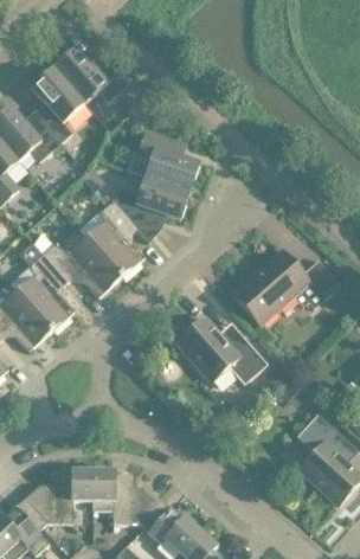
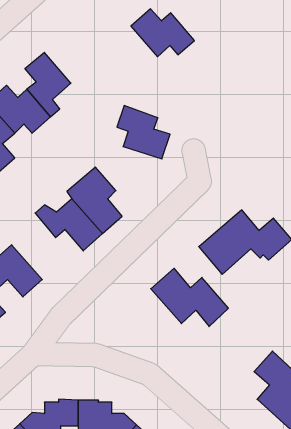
building: [53,47,127,103] -> [131,9,194,57]
building: [112,176,189,232] -> none
building: [15,243,73,330] -> none

